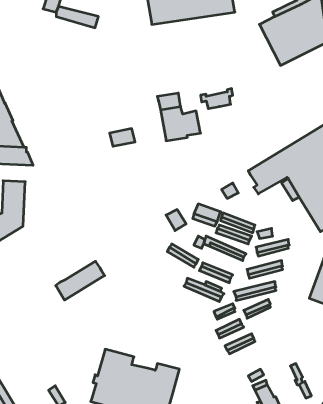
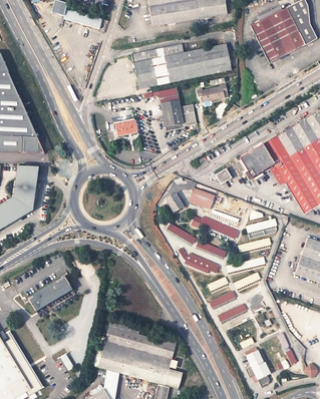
building: none -> [131,43,231,88]
building: [56,261,105,300] -> [28,276,72,311]

